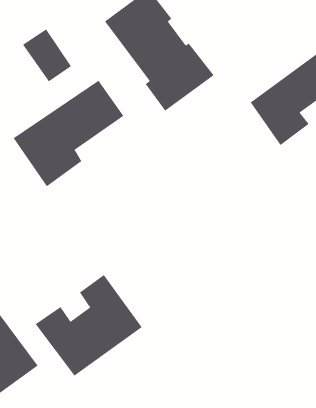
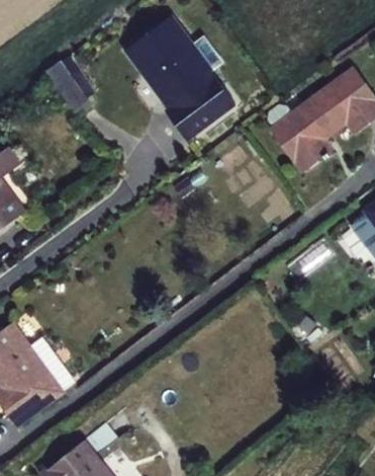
building: [13,80,124,187] -> none
building: [35,274,142,377] -> none

